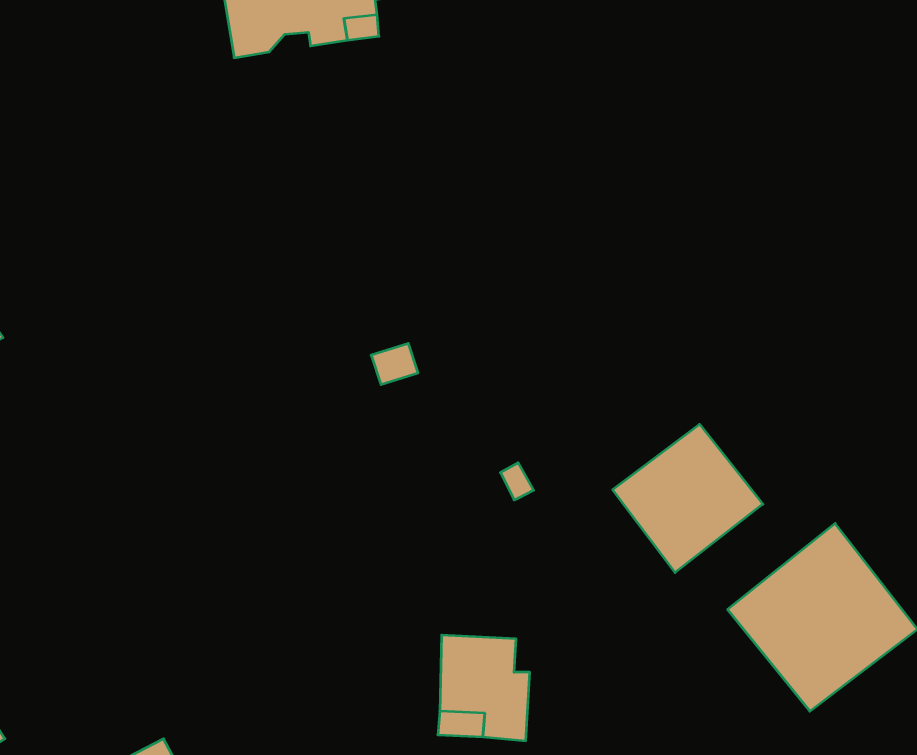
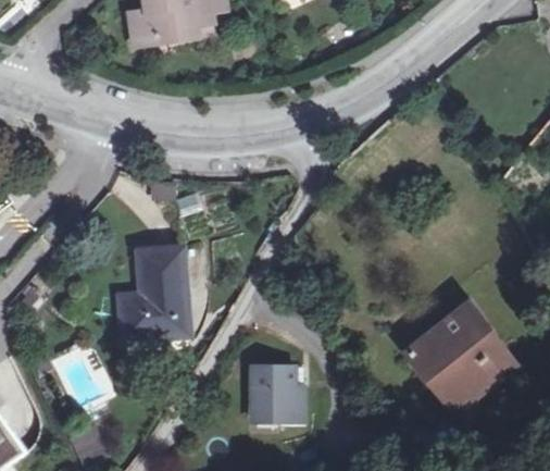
building: none -> [120,246,190,340]
building: [613,424,763,573] -> none

